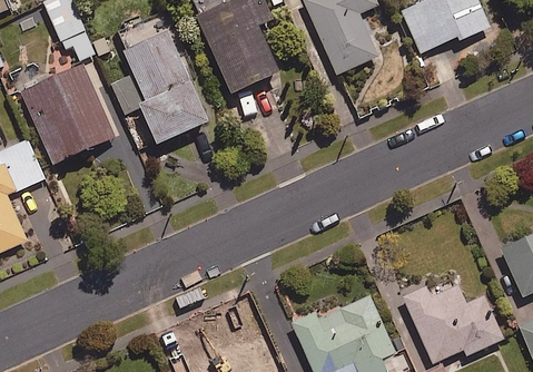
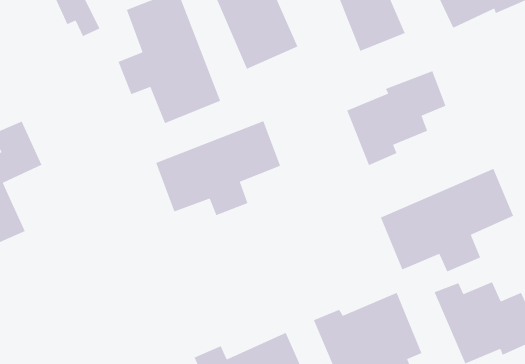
building: [19,63,113,164] -> none
building: none -> [346,70,446,166]
building: none -> [155,120,281,216]
building: none -> [380,168,514,272]

